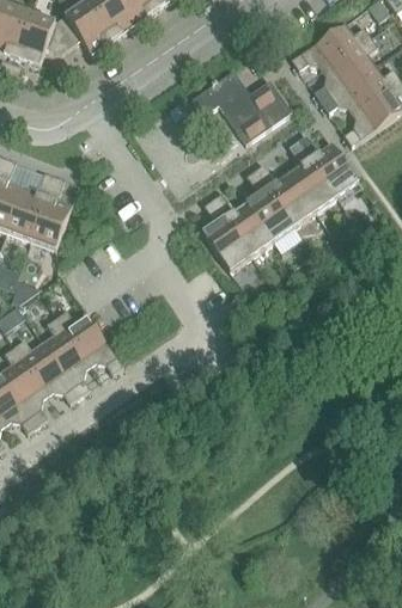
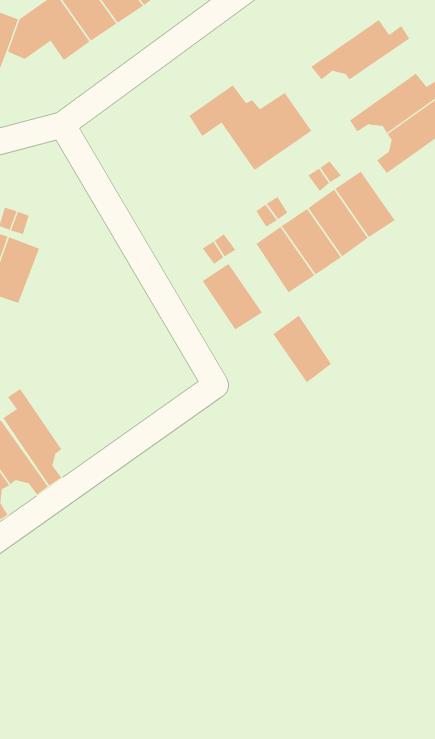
building: [313,36,377,102] -> none
building: [224,201,272,256] -> [272,315,332,383]
building: [56,309,122,373] -> none

